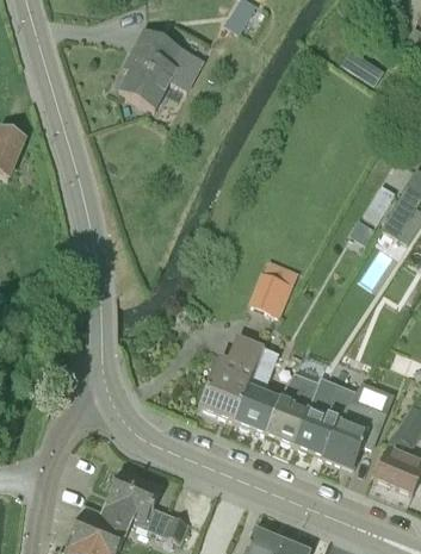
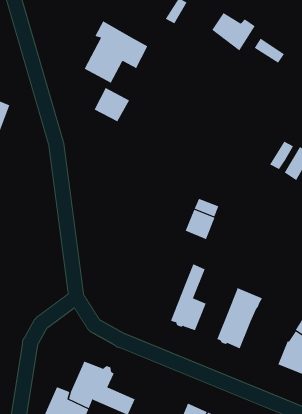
building: none -> [211,12,255,53]
building: none -> [94,87,130,122]
building: [200,336,262,421] -> none
building: [266,371,320,444] -> none
building: [324,397,388,469] -> none

